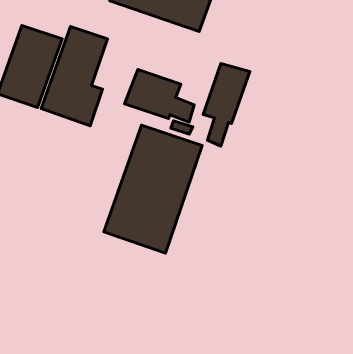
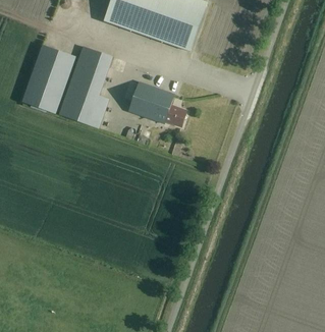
building: [203,64,250,146] -> none
building: [104,125,202,253] -> none

